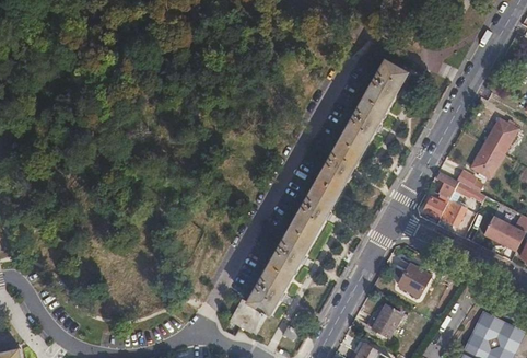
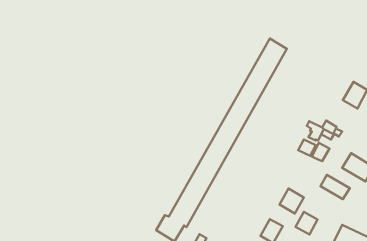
building: [471,142,504,177] -> none
building: none -> [320,175,350,199]
building: none -> [296,212,317,234]

